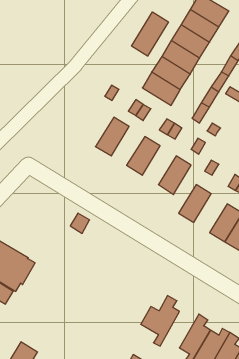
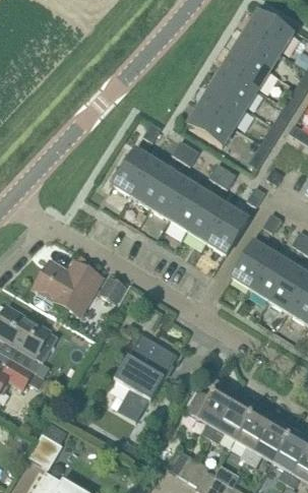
building: [132,12,168,56] -> none
building: none -> [114,149,155,196]
building: none -> [151,172,192,219]
building: none -> [189,195,230,242]
building: none -> [251,253,292,300]
building: none -> [34,259,102,314]
building: none -> [115,333,178,422]
building: none -> [210,393,257,442]

